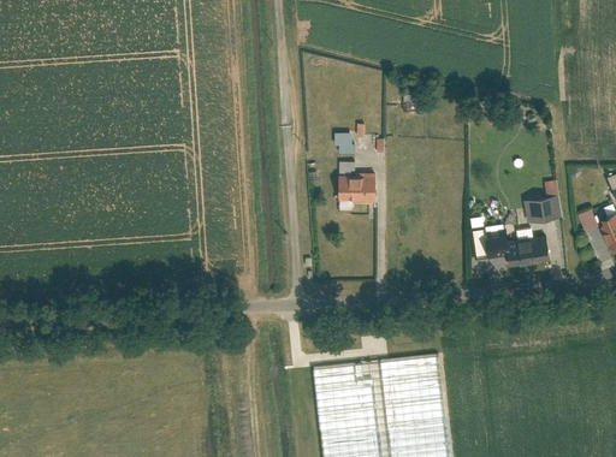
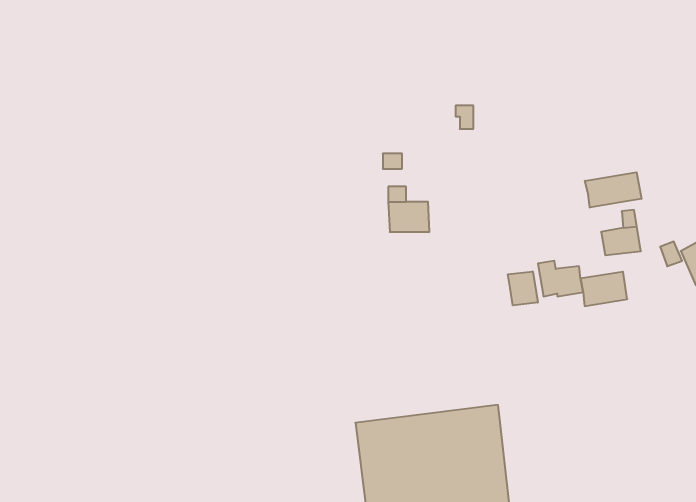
building: none -> [585,172,641,208]
building: none -> [508,271,538,305]

